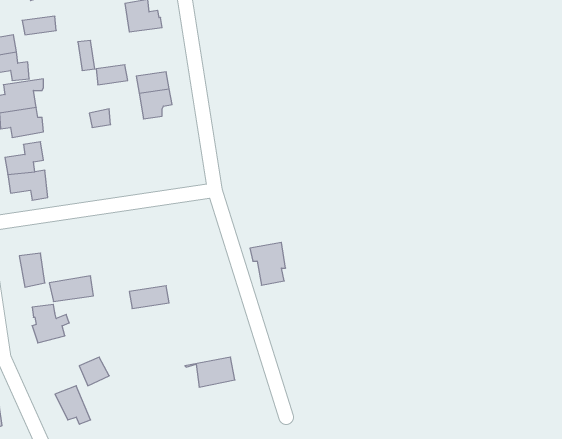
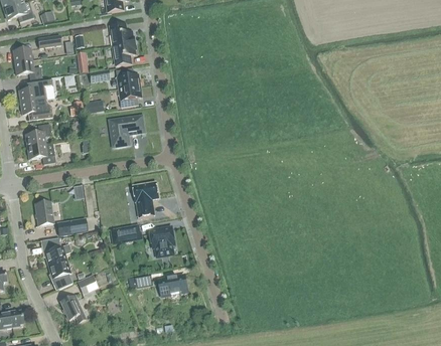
building: none -> [112,42,136,66]
building: none -> [110,117,143,146]
building: none -> [132,182,158,217]
building: [250,242,286,285] -> [149,226,174,256]
building: none -> [47,260,71,289]

